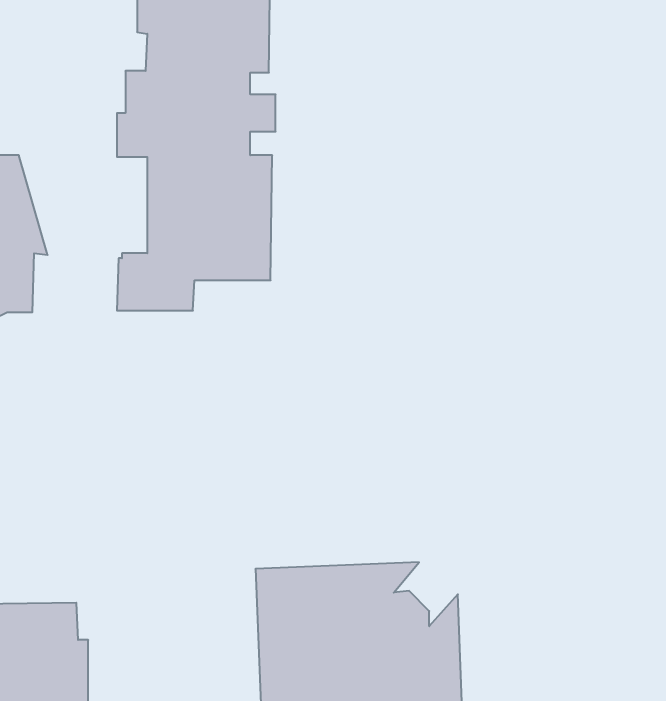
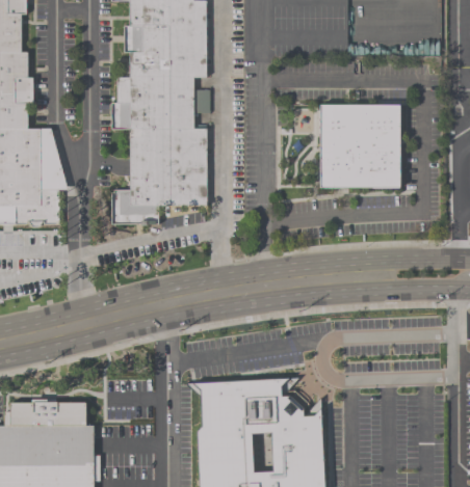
building: none -> [319,105,400,188]

